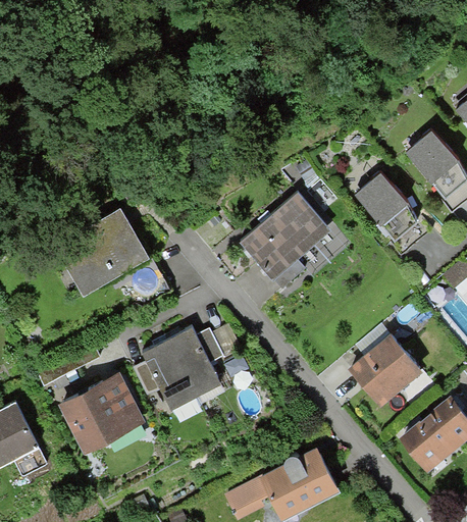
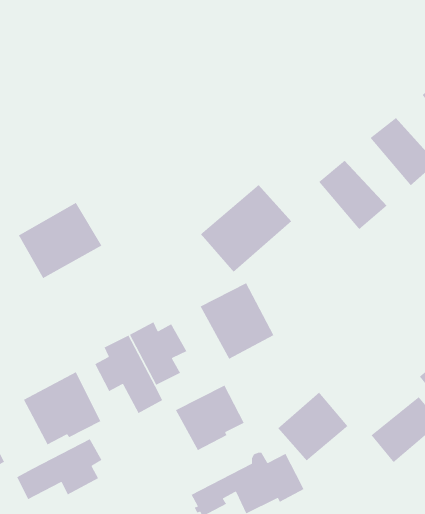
building: none -> [200,282,275,360]
building: [352,335,421,404] -> [277,392,348,462]
building: none -> [175,384,245,451]
building: none -> [16,438,103,500]

